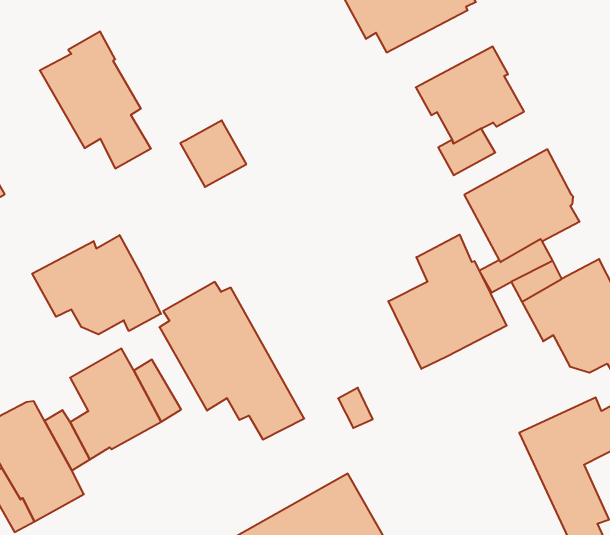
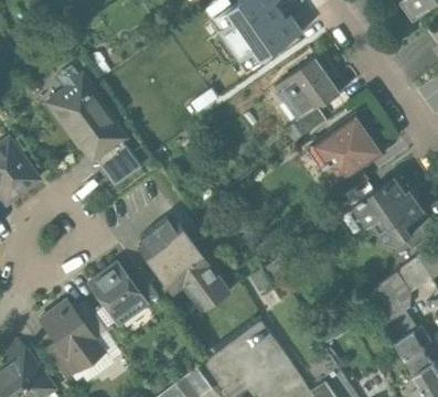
building: [180,120,246,187] -> [97,142,138,183]
building: [388,235,507,369] -> none
building: [32,235,161,334] -> none

